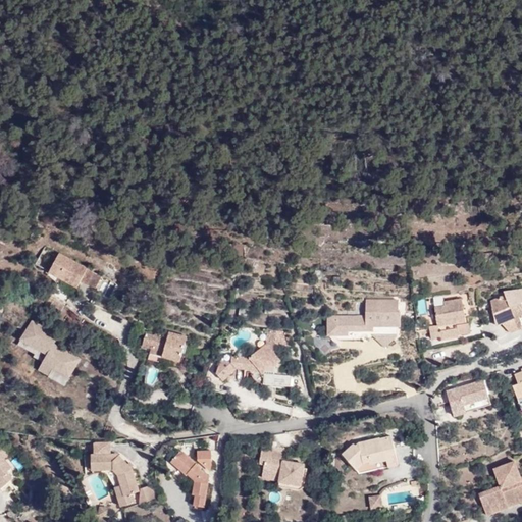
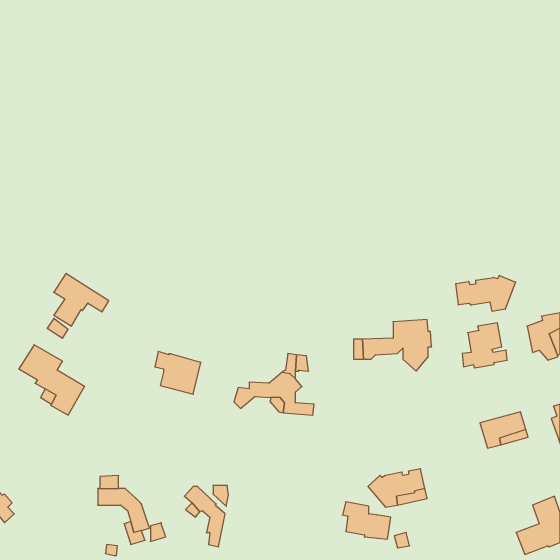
building: none -> [456,275,516,311]
building: [259,449,304,483] -> [342,502,391,539]

